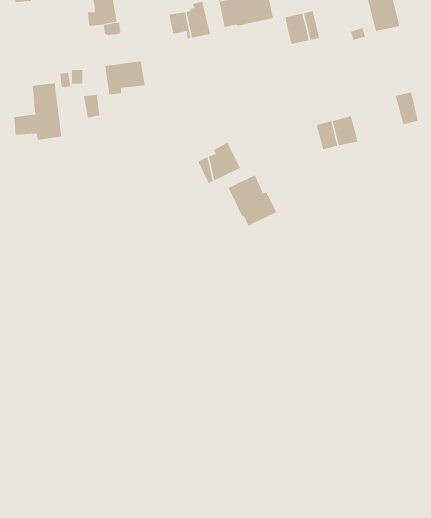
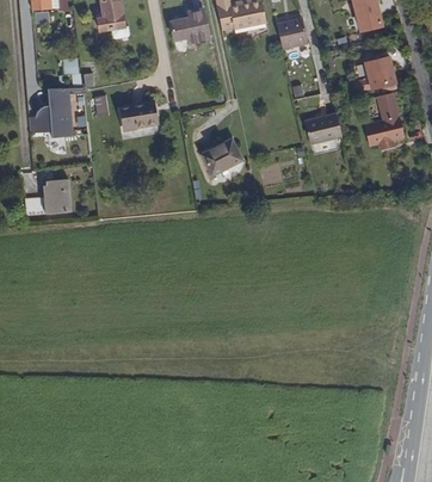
building: none -> [354,55,396,91]
building: [105,61,145,95] -> [117,101,154,132]
building: none -> [368,117,402,147]
building: [228,174,277,226] -> none
building: none -> [32,175,75,209]

